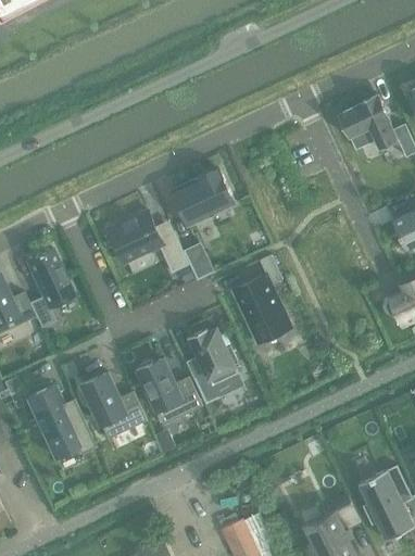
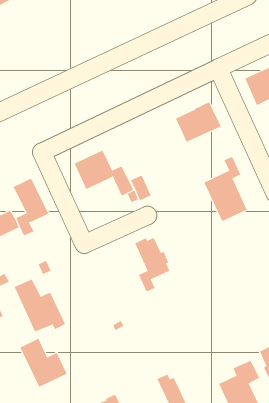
building: [172,169,235,225] -> [175,102,222,142]
building: [231,255,291,344] -> [204,156,248,222]
building: [138,358,203,426] -> none
building: [81,372,147,440] -> [19,338,68,387]

